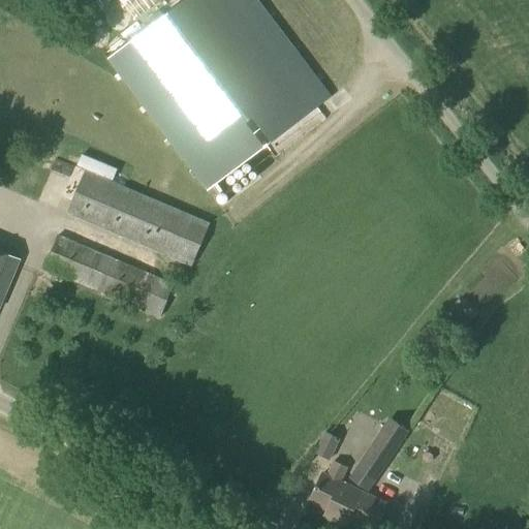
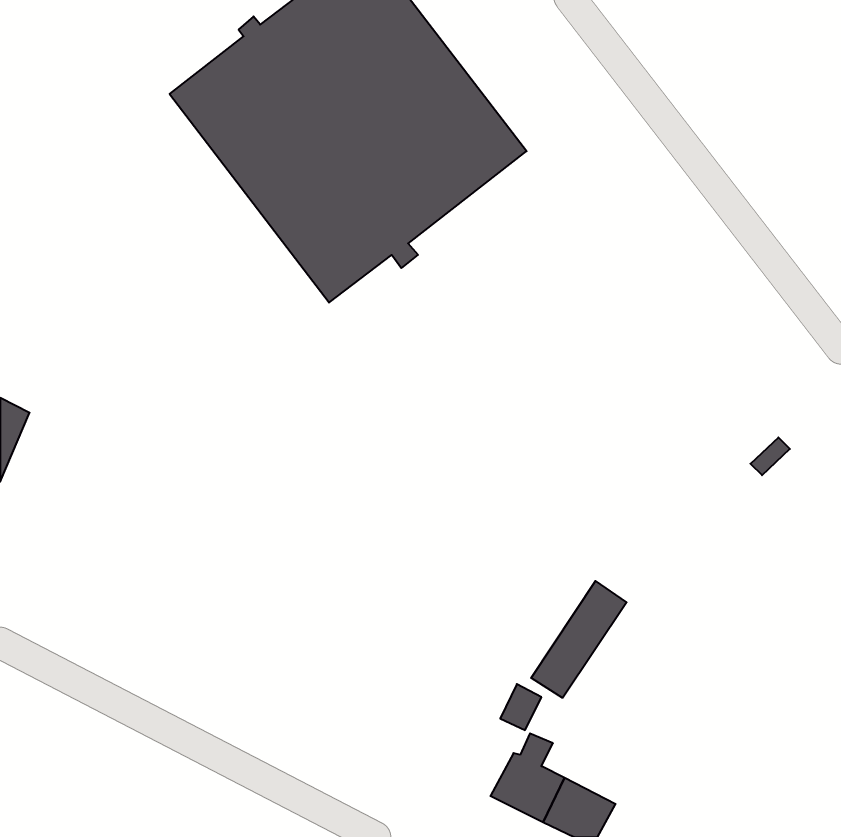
building: [67,170,209,264] -> none
building: [42,234,174,316] -> none
building: [349,416,409,490] -> [531,581,627,698]

